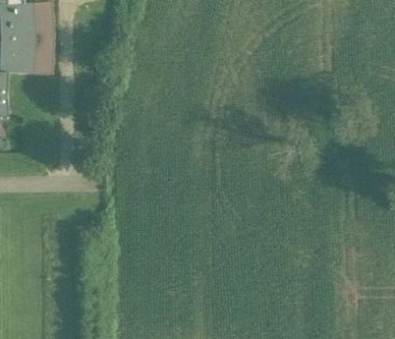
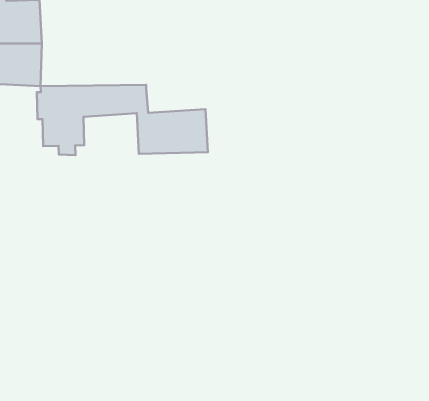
building: none -> [37,85,208,155]

